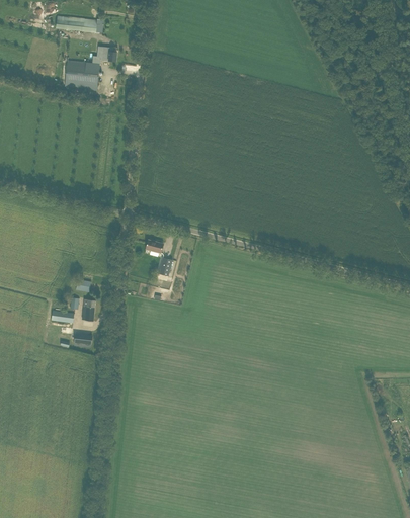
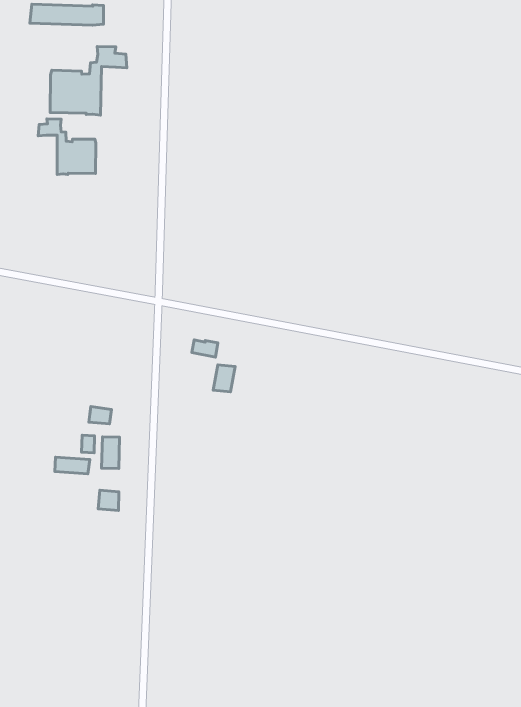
building: none -> [38,119,96,175]

